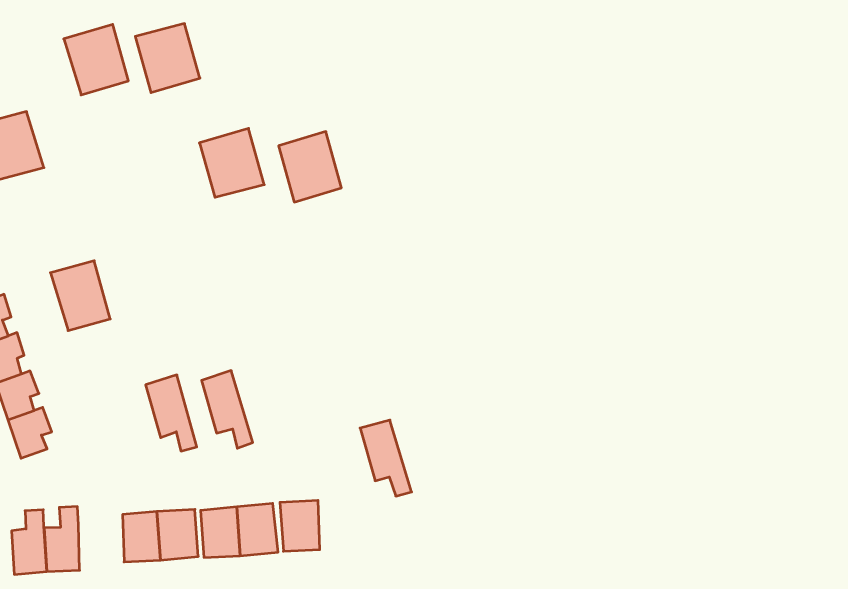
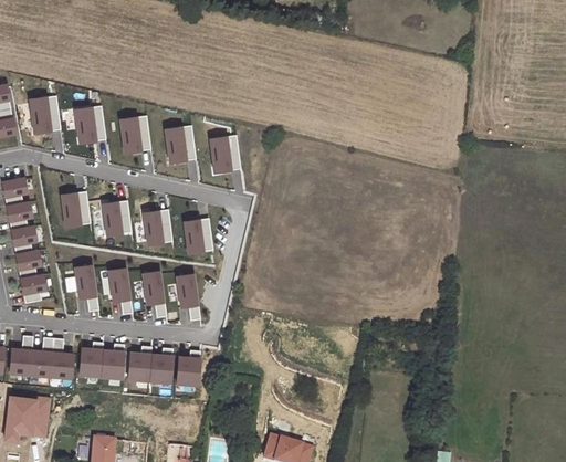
building: [135,24,200,93] -> [118,115,154,154]
building: [64,24,128,95] -> [73,103,108,143]
building: none -> [98,197,130,235]
building: none -> [142,206,172,245]
building: none -> [181,216,212,255]
building: none -> [74,264,98,307]
building: [360,420,412,496] -> [175,272,200,318]
building: none -> [51,337,73,378]

